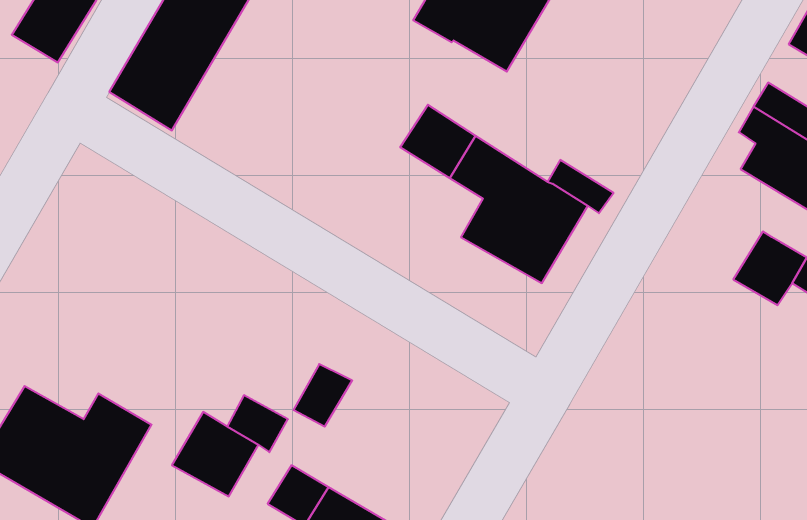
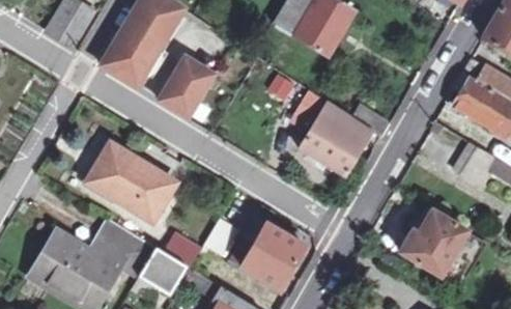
building: none -> [161,57,220,117]
building: none -> [88,144,174,218]
building: none -> [404,207,466,275]
building: none -> [231,217,303,285]
building: none -> [96,218,155,278]

